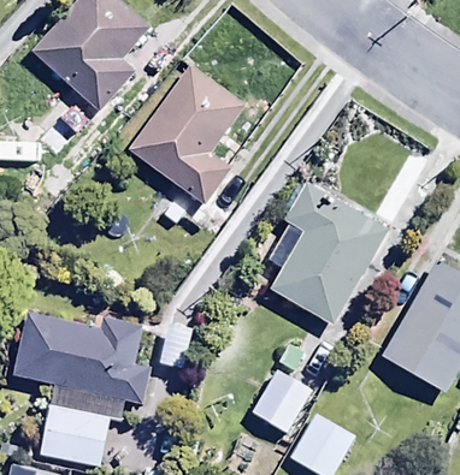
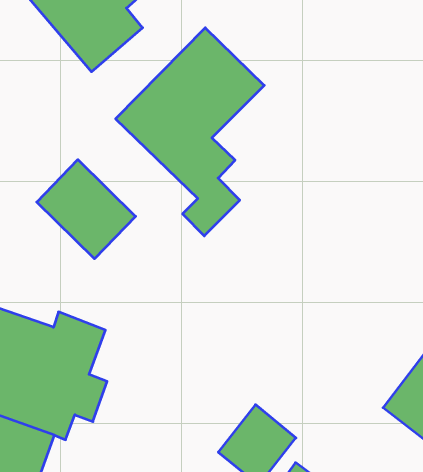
building: [256,182,388,327] -> none
building: none -> [37,160,136,259]

